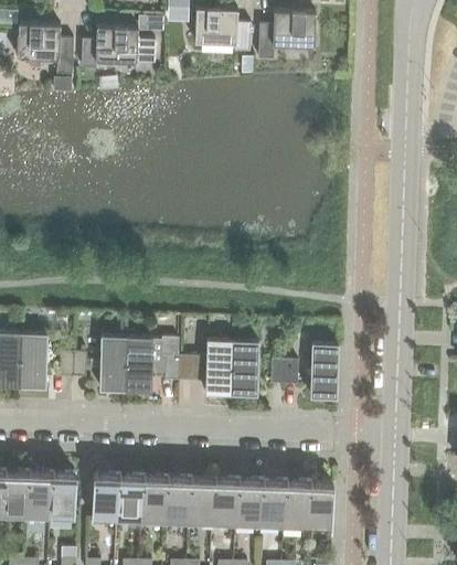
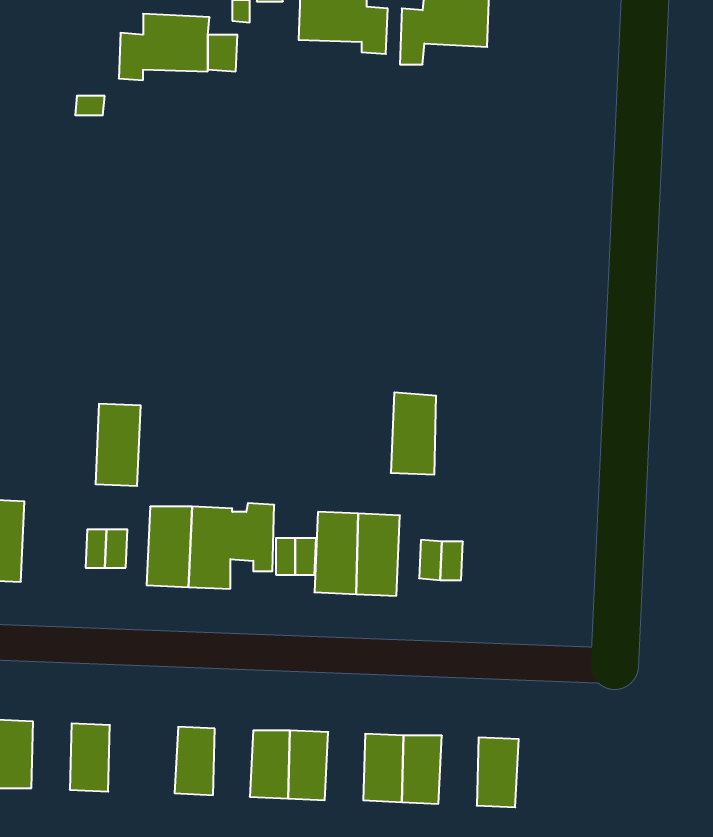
building: [17,25,73,75] -> none
building: [19,335,47,387] -> [95,404,141,486]
building: [309,345,338,397] -> [391,392,436,475]
building: [25,475,51,518] -> none
building: [92,477,118,520] -> none
building: [140,479,166,522] -> none
building: [211,481,236,524] -> none
building: [283,483,308,527] -> none

